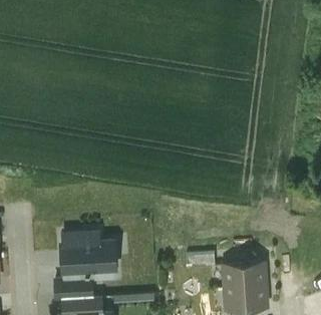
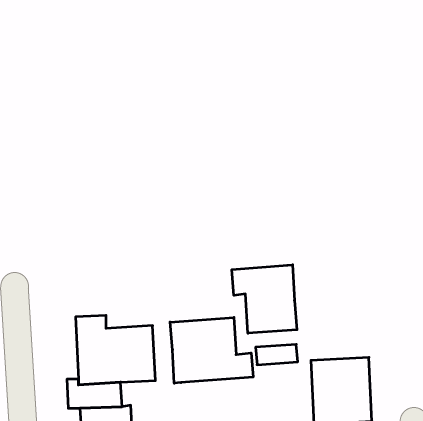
building: none -> [232,265,297,333]
building: none -> [170,317,253,383]

